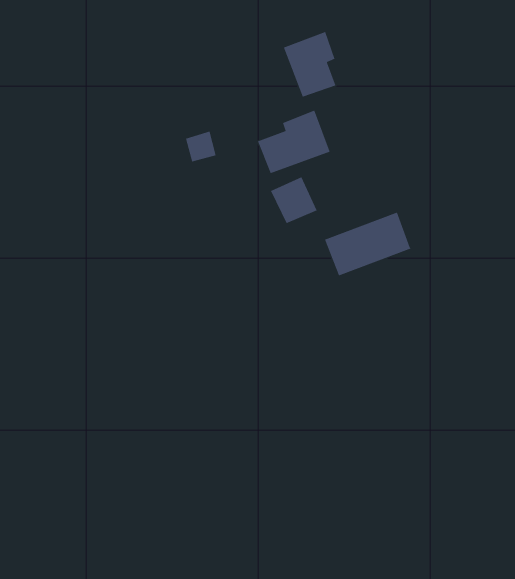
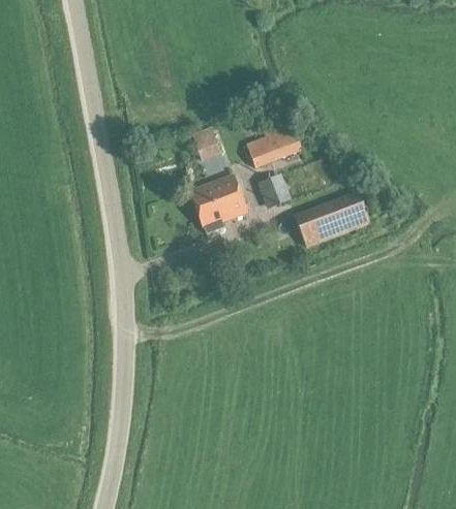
building: [283,31,336,98] -> none
building: none -> [187,173,247,232]

